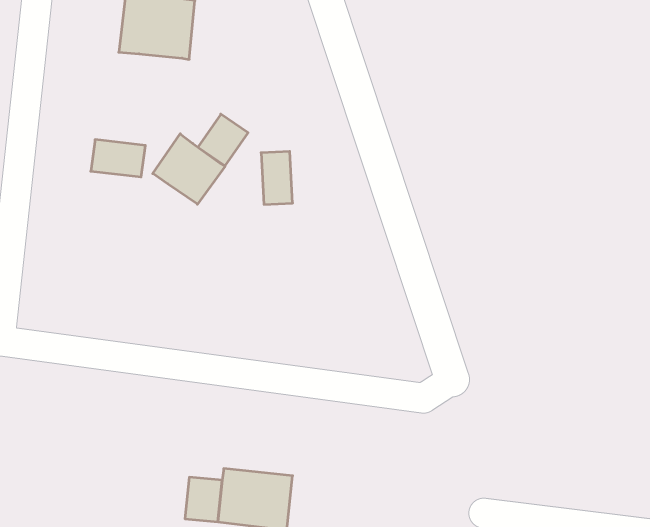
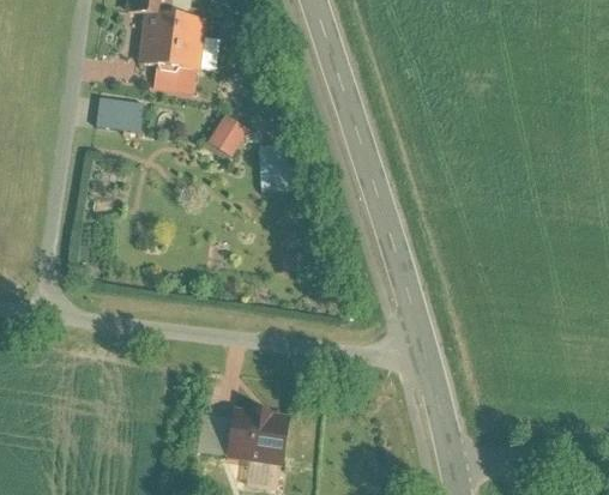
building: none -> [155,64,194,95]
building: [153,134,225,204] -> none
building: [91,140,145,177] -> [97,98,143,129]

